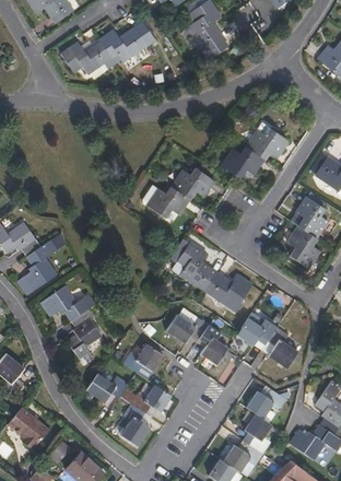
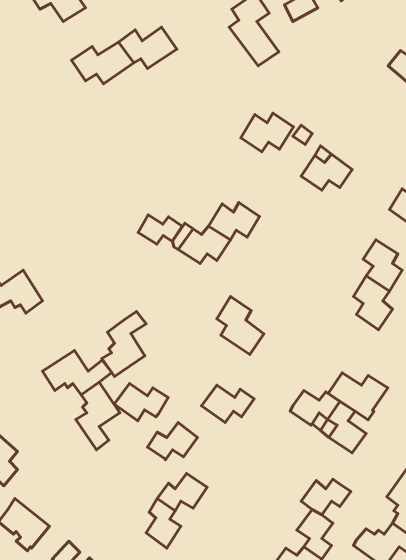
building: [221,149,262,179] -> [241,113,293,152]
building: none -> [138,215,182,244]
building: [24,240,59,292] -> [102,312,146,376]
building: [205,273,252,310] -> [328,373,388,420]
building: [199,325,227,364] -> none
building: [87,372,130,401] -> [114,384,168,421]

